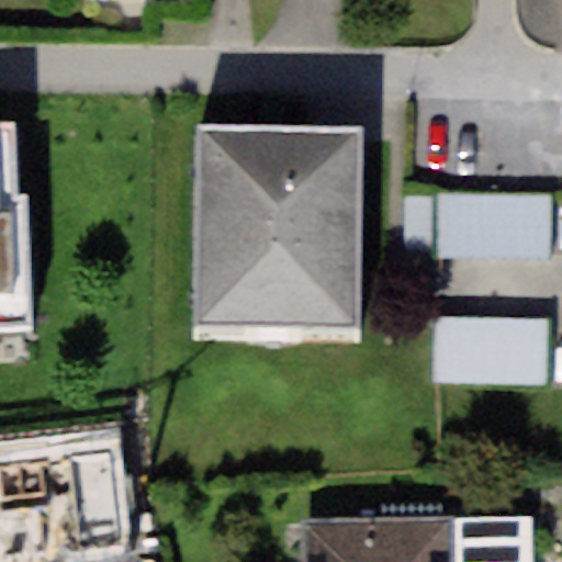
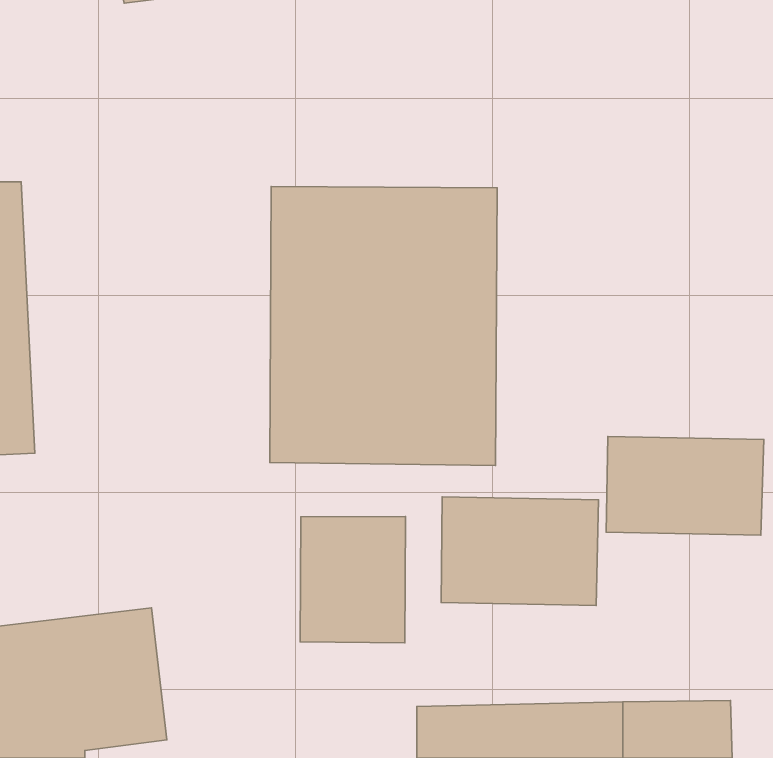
building: [441,194,553,258] -> none
building: none -> [441,497,599,605]
building: none -> [300,517,406,643]

